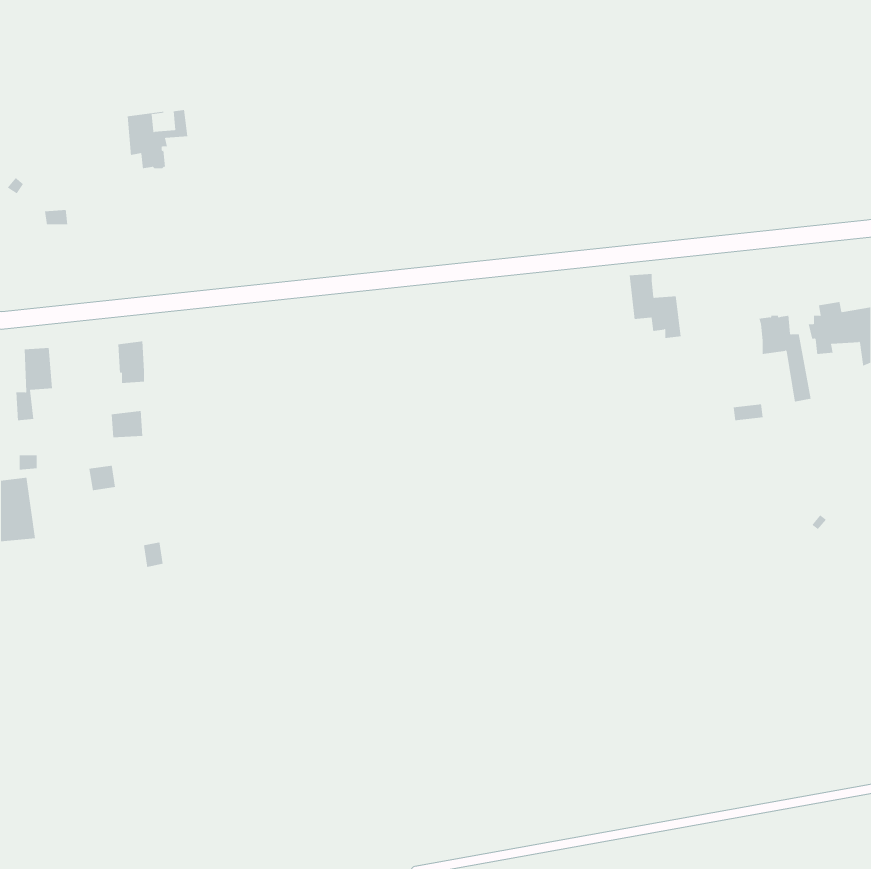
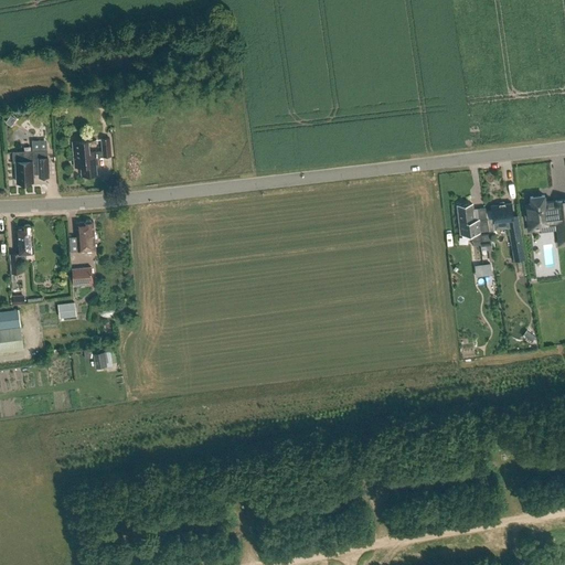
building: [127,109,188,169] -> [72,138,111,177]
building: none -> [12,151,49,183]
building: [629,274,682,338] -> [457,205,491,247]

